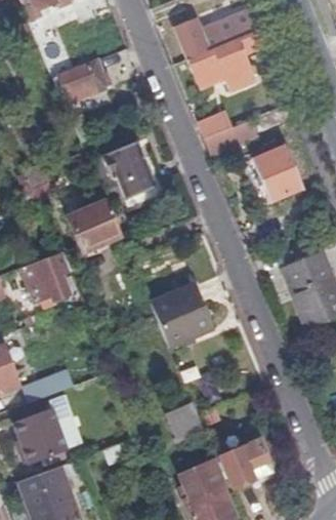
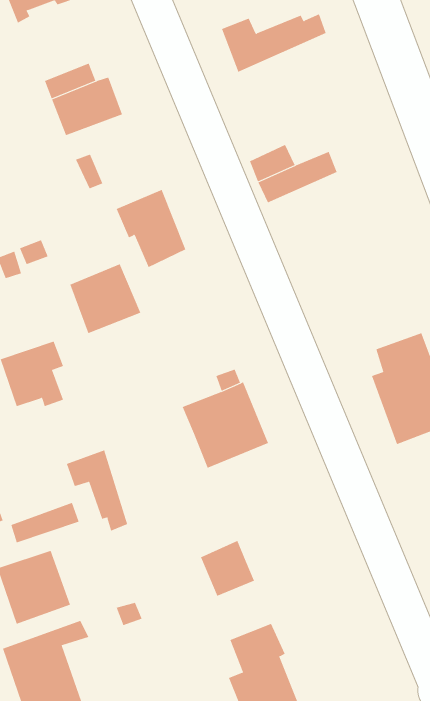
building: [192,27,270,89] -> none
building: [256,145,306,202] -> none
building: none -> [66,449,128,531]
building: [219,440,272,489] -> none

